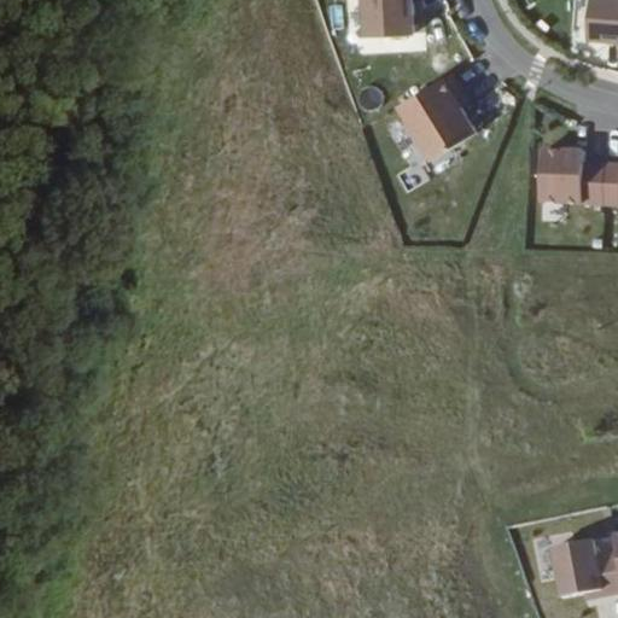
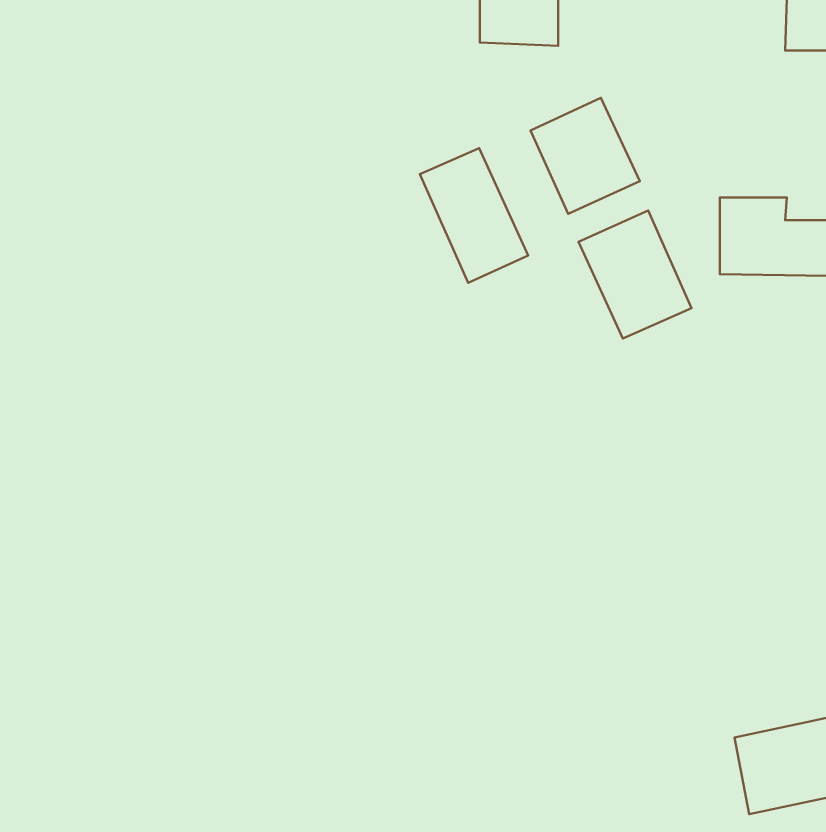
building: none -> [420,148,528,283]
building: none -> [579,210,691,338]

